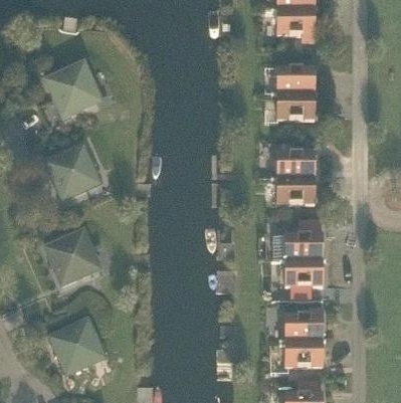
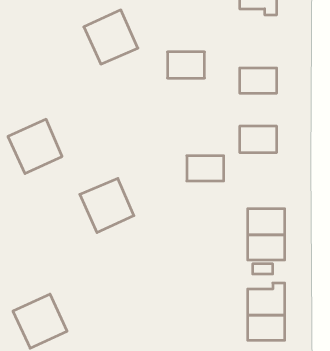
building: [45,60,99,115] -> [84,10,138,64]
building: [276,66,314,92] -> [167,52,205,78]
building: [276,177,314,202] -> [187,156,224,181]
building: [44,229,98,283] -> [80,178,134,233]

